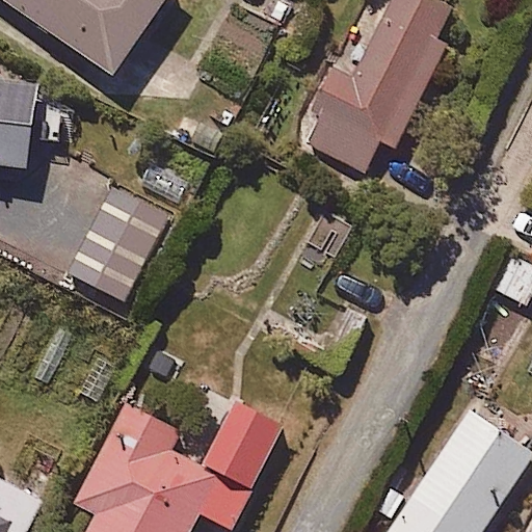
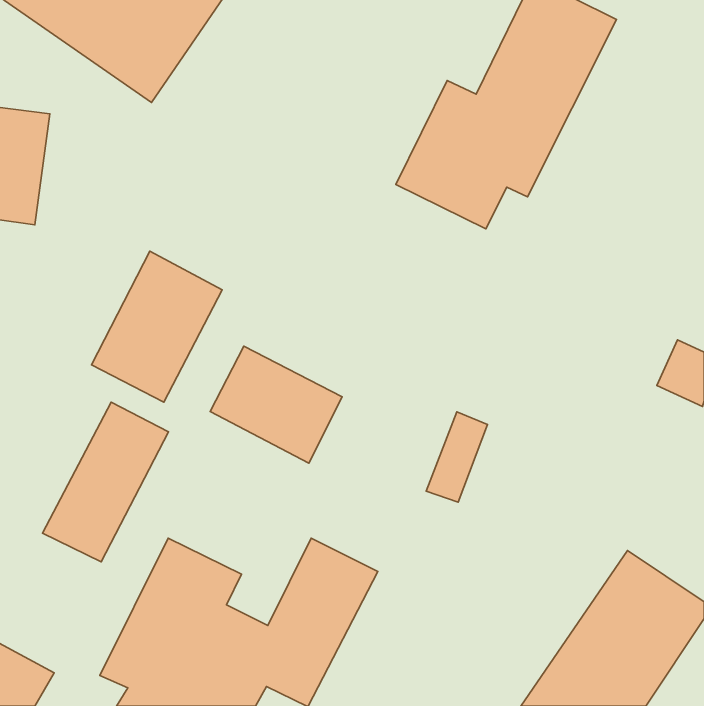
building: none -> [210,346,342,463]
building: none -> [43,402,169,562]

